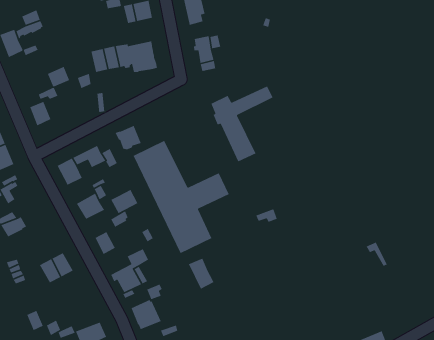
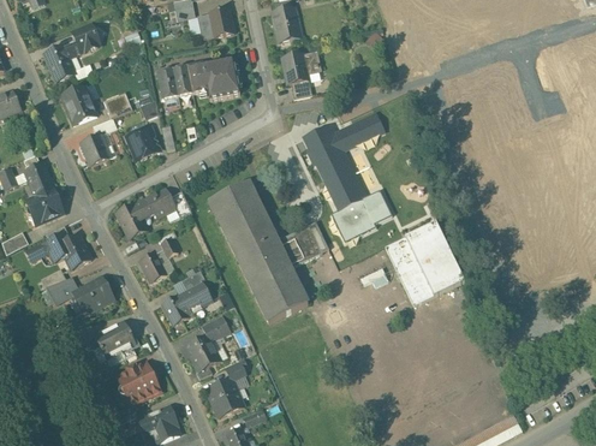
building: none -> [62,85,96,123]
building: [115,125,142,150] -> [126,126,160,157]
building: none -> [332,190,392,240]
building: none -> [386,221,465,304]
building: none -> [59,233,91,268]
building: [110,189,139,214] -> [178,281,213,313]
building: none -> [74,276,113,313]
building: [188,258,215,290] -> none
building: none -> [115,361,162,406]

